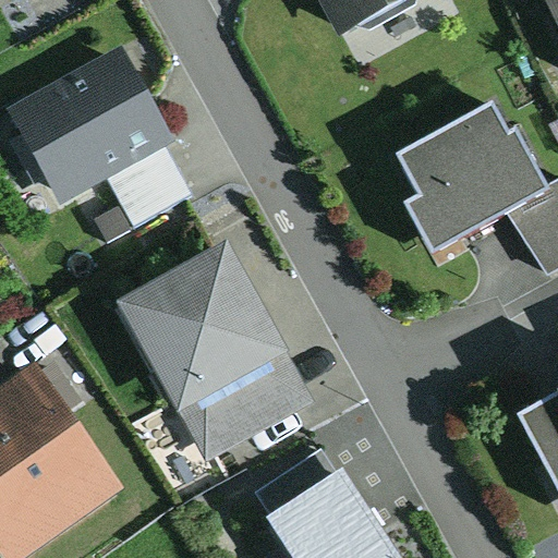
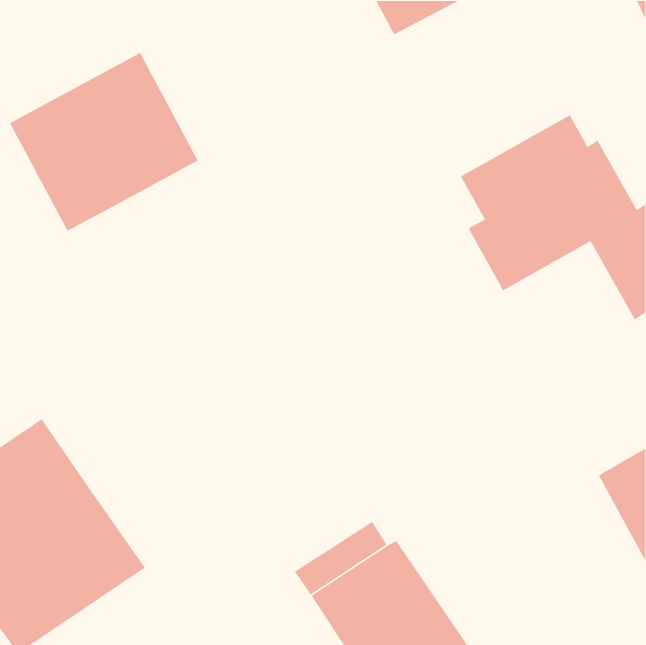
building: [105,144,193,228] -> none
building: [118,238,316,460] -> none

